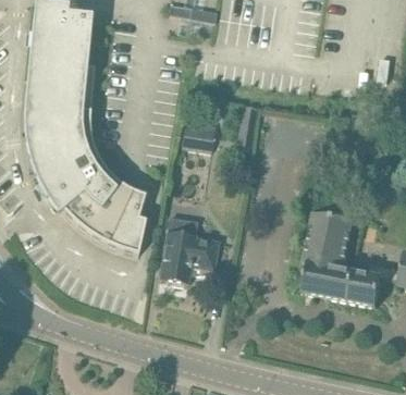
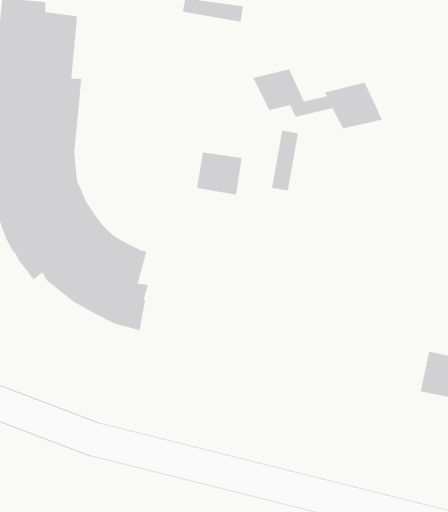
building: none -> [253,69,383,129]
building: [303,212,356,301] -> none
building: [159,217,219,284] -> none

